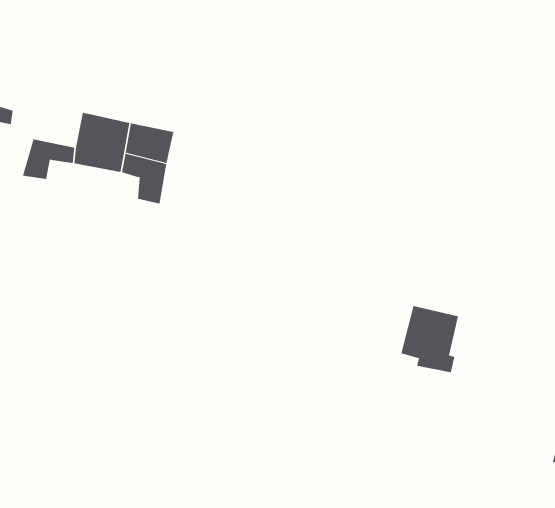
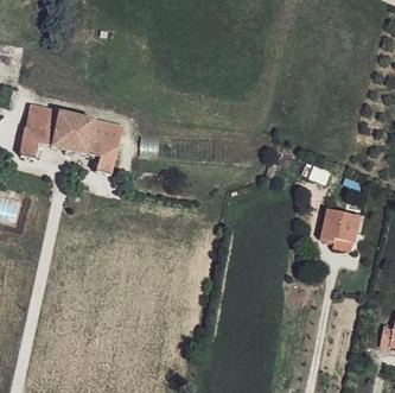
building: none -> [27,104,60,134]
building: [400,306,459,373] -> [321,207,361,252]

